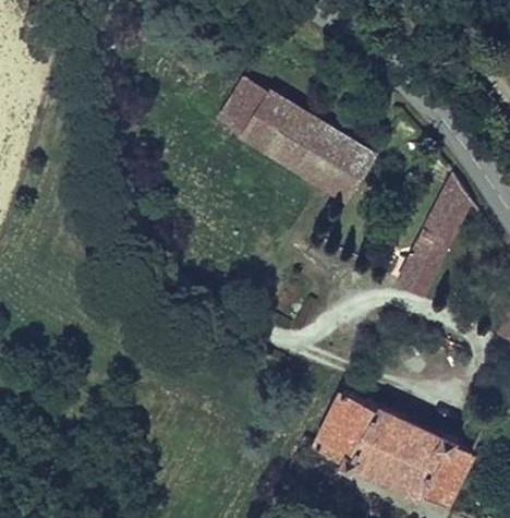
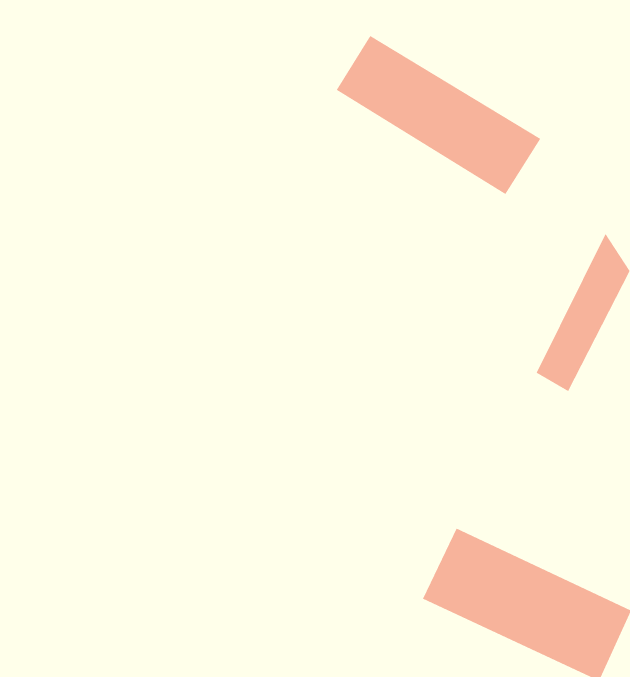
building: [218,79,369,196] -> [336,35,541,195]

